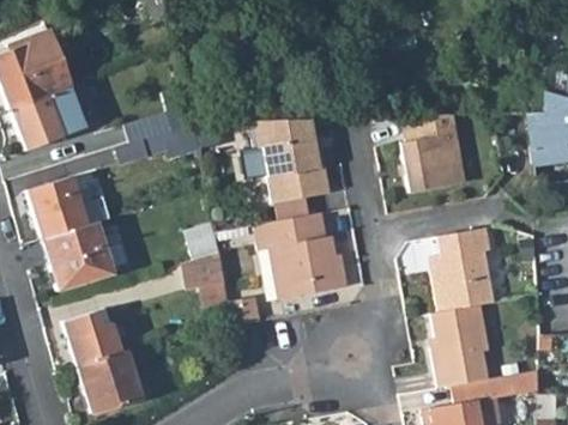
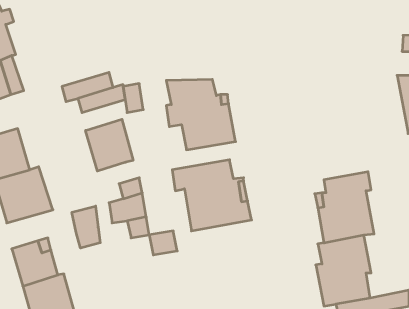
building: [401,115,466,192] -> none
building: none -> [86,119,133,171]
building: none -> [72,206,100,248]

